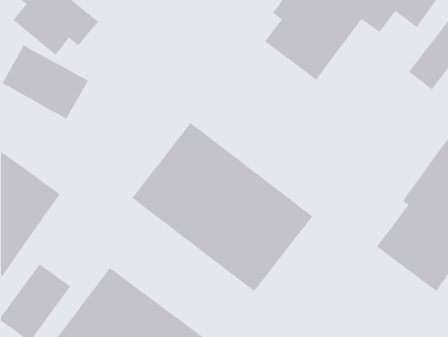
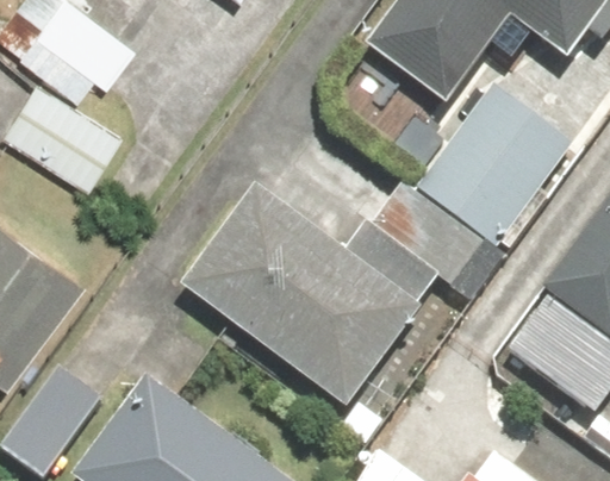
building: none -> [368,83,574,288]

